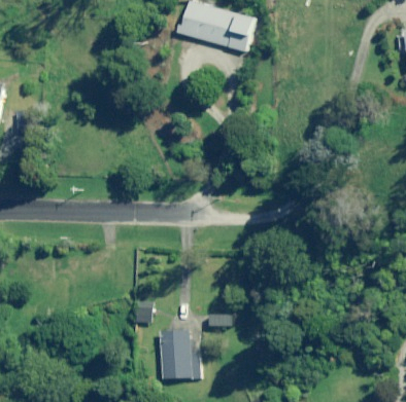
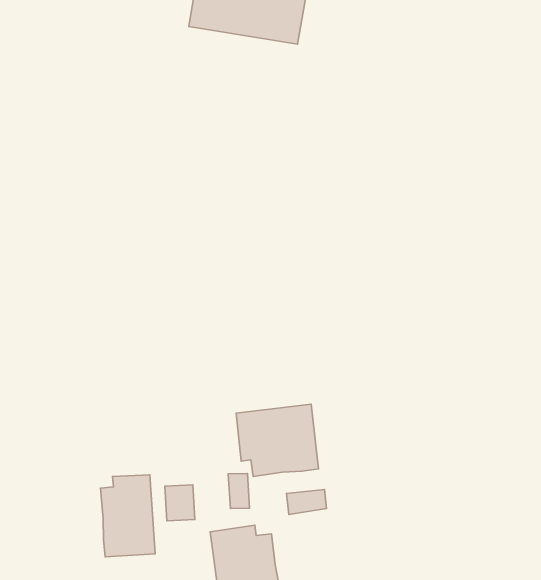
building: none -> [236,404,318,476]
building: none -> [101,475,155,557]

